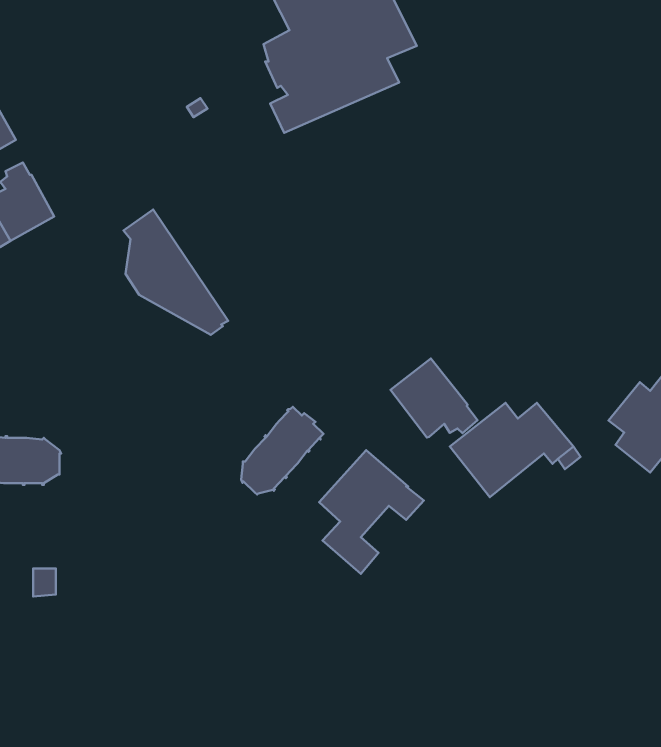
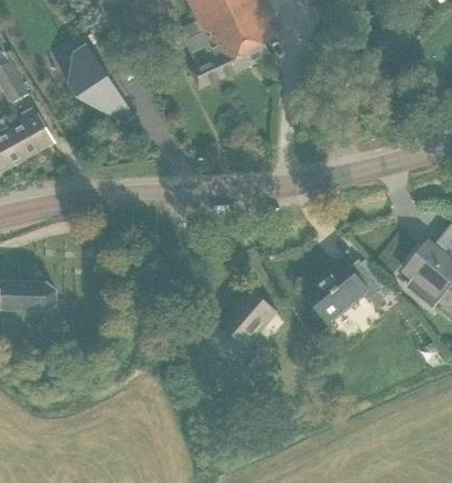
building: [124,209,228,335] -> [67,43,133,122]
building: [391,359,478,438] -> none
building: [241,407,324,495] -> none

